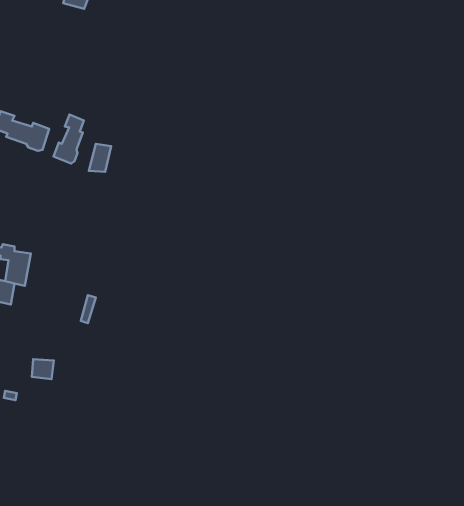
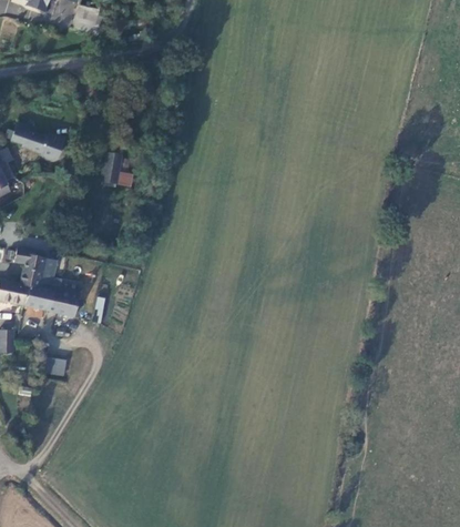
building: [54,115,84,164] -> none
building: none -> [25,278,81,322]

